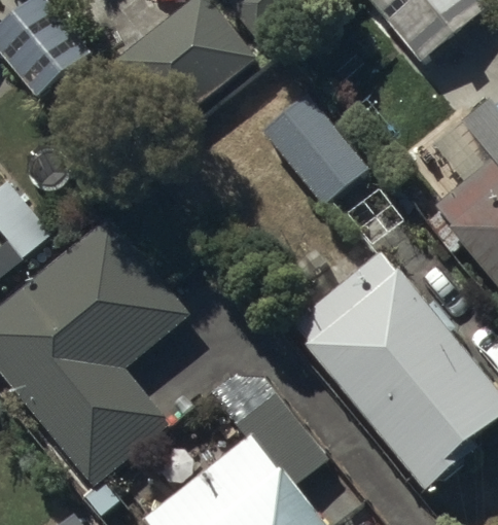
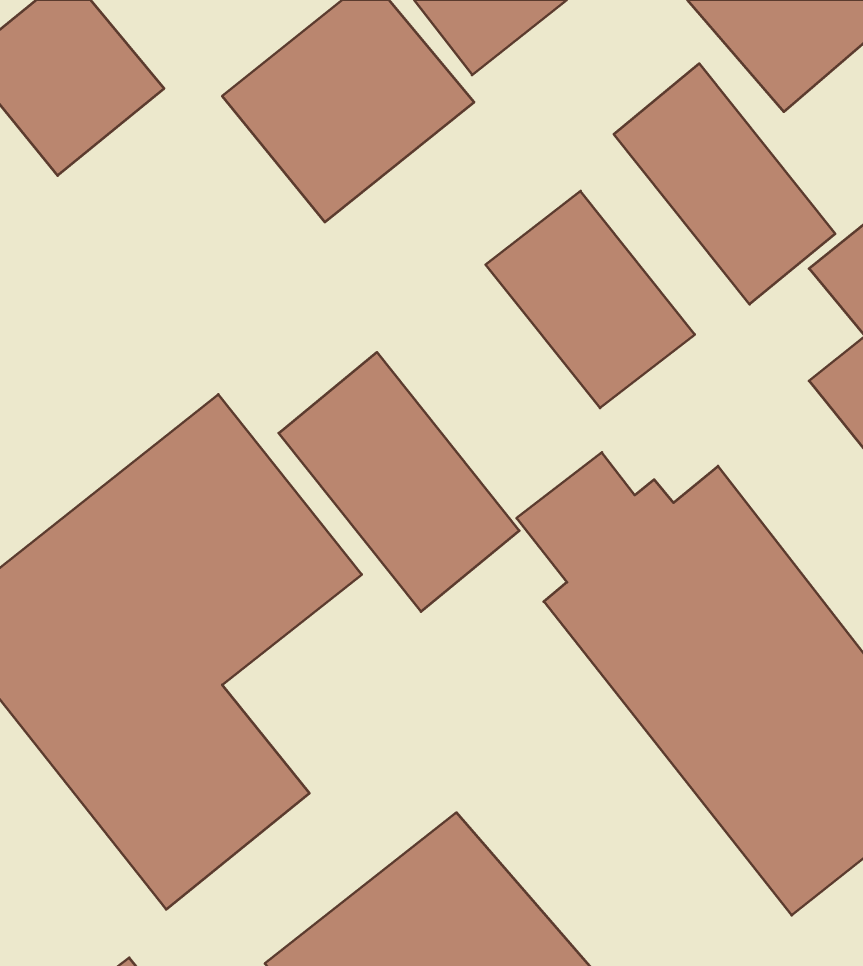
building: none -> [614,64,835,304]
building: none -> [279,352,519,612]

